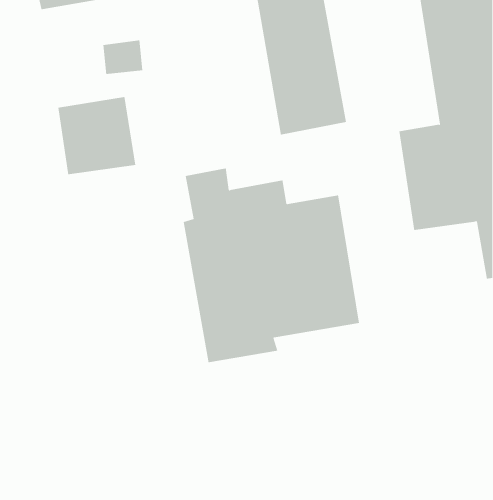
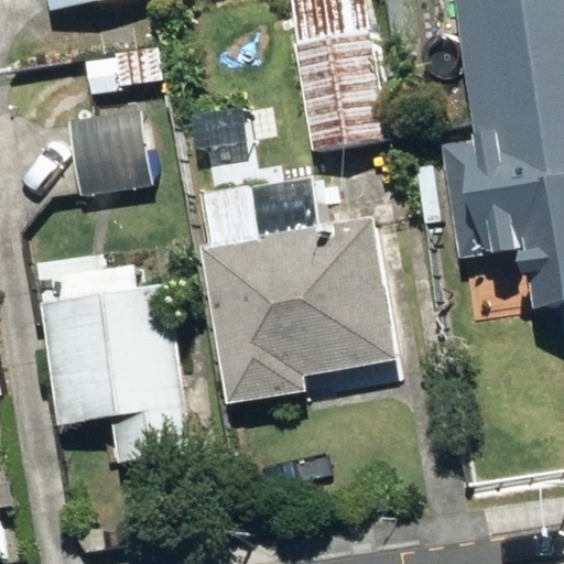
building: none -> [40,285,192,460]

